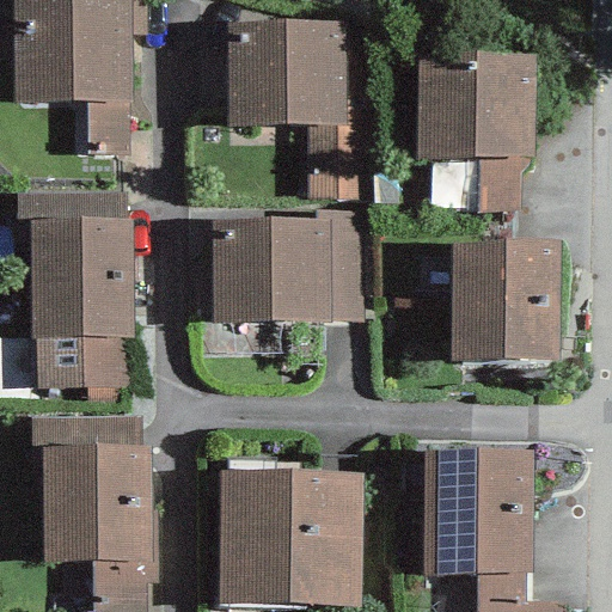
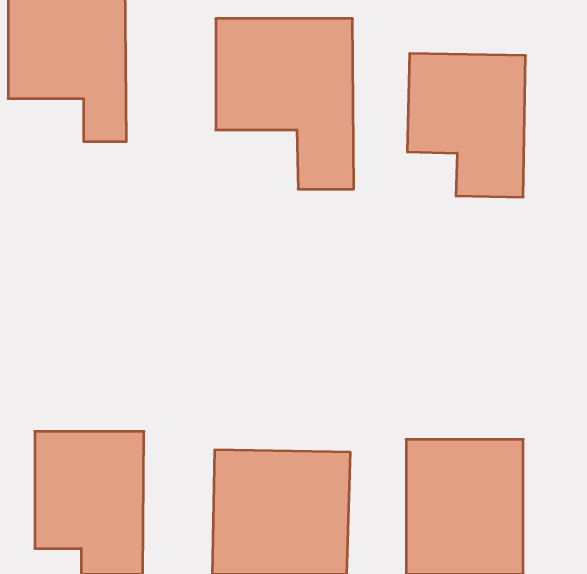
building: [210,214,373,338] -> none
building: [20,221,137,386] -> none
building: [442,239,570,361] -> none

